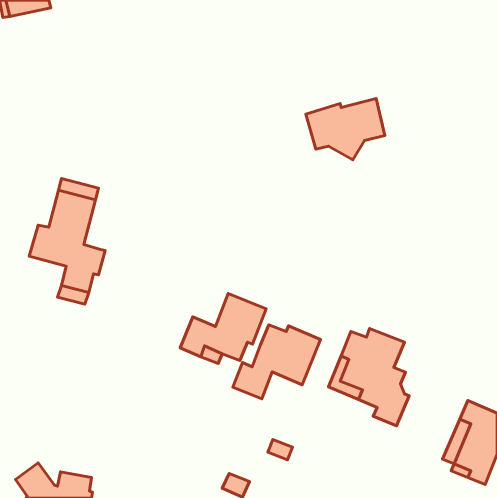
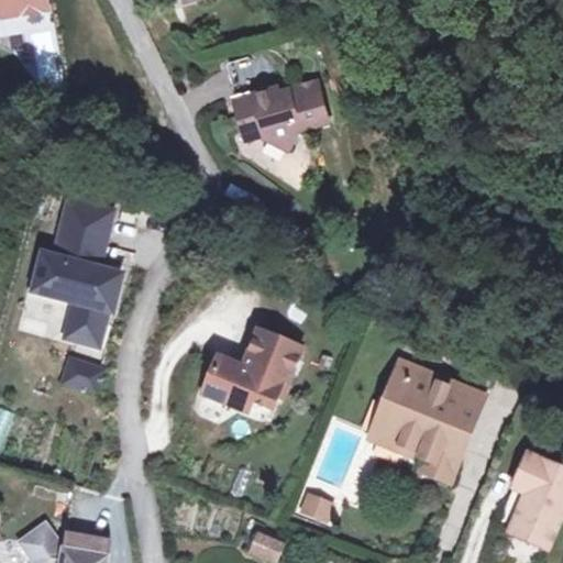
building: [306,99,385,160] -> [240,75,329,144]
building: none -> [60,356,99,396]
building: [233,325,321,399] -> none
building: none -> [444,386,483,446]

